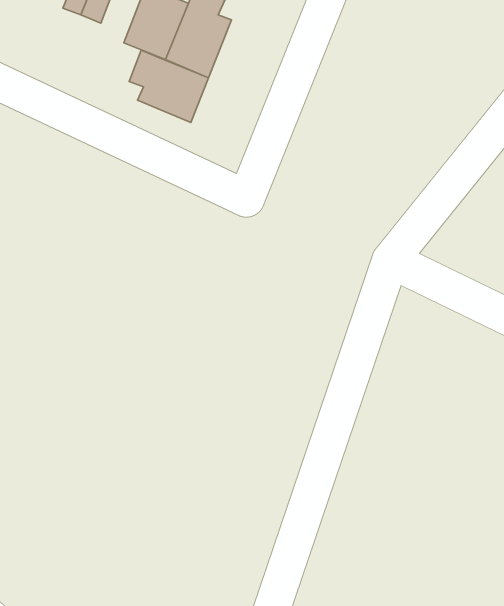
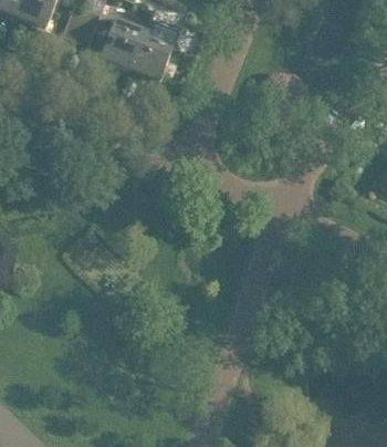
building: [129,50,208,122] -> none

